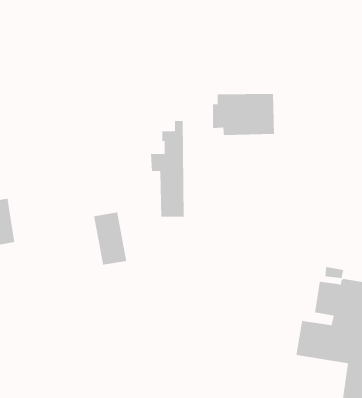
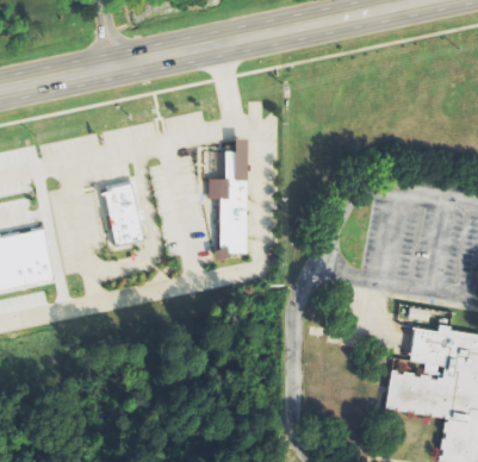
building: [212,93,275,136] -> none
building: [93,212,127,266] -> [105,185,144,246]

